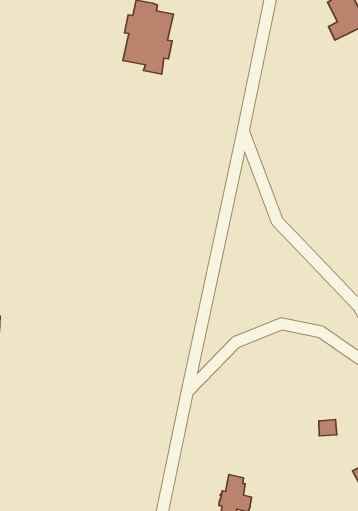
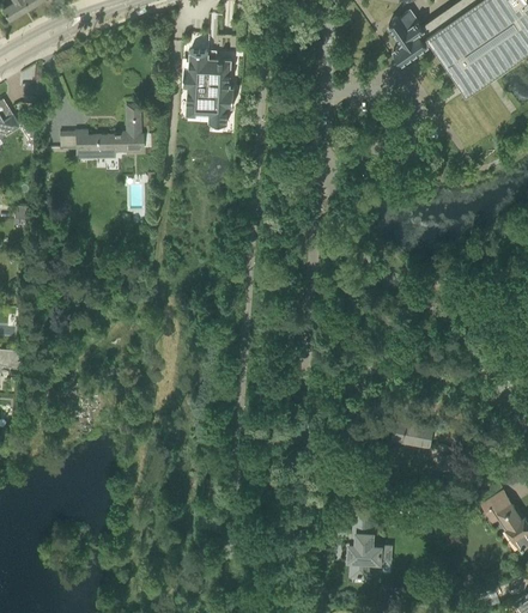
building: none -> [75,108,141,158]
building: none -> [393,419,432,448]

